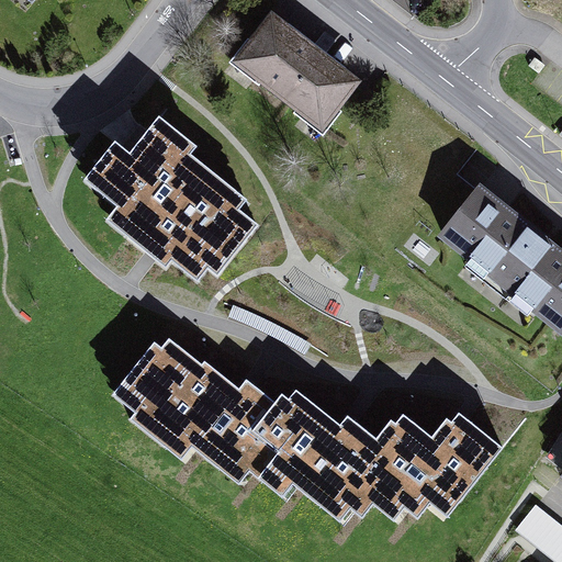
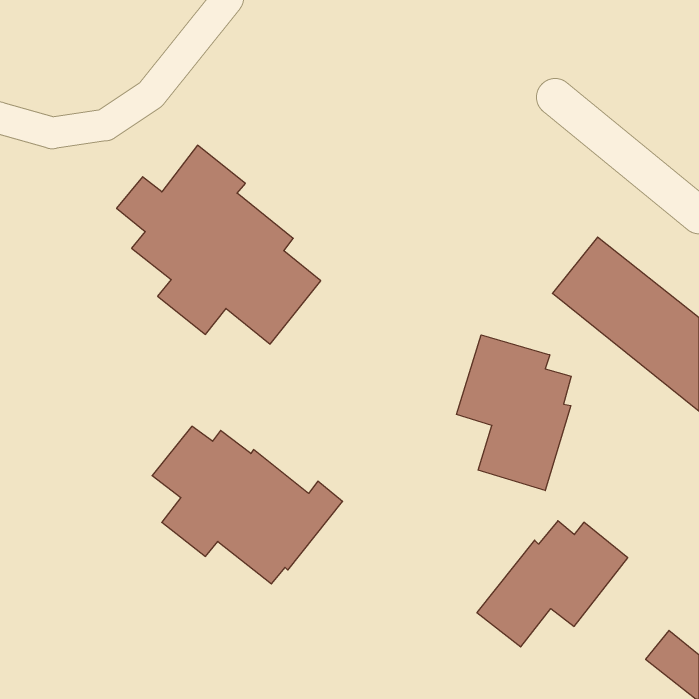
building: [238,20,353,125] -> none
building: none -> [457,335,571,491]
building: [231,393,428,517] -> none

